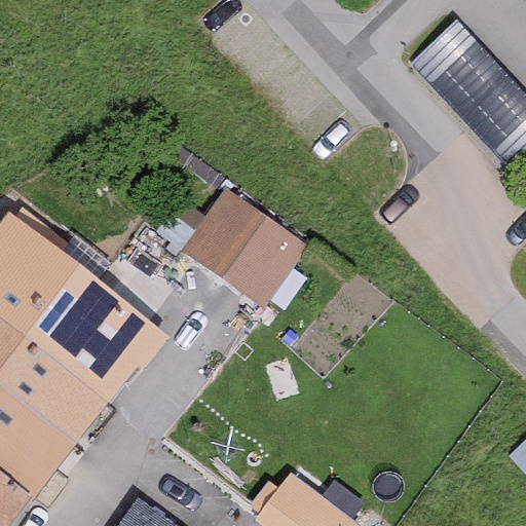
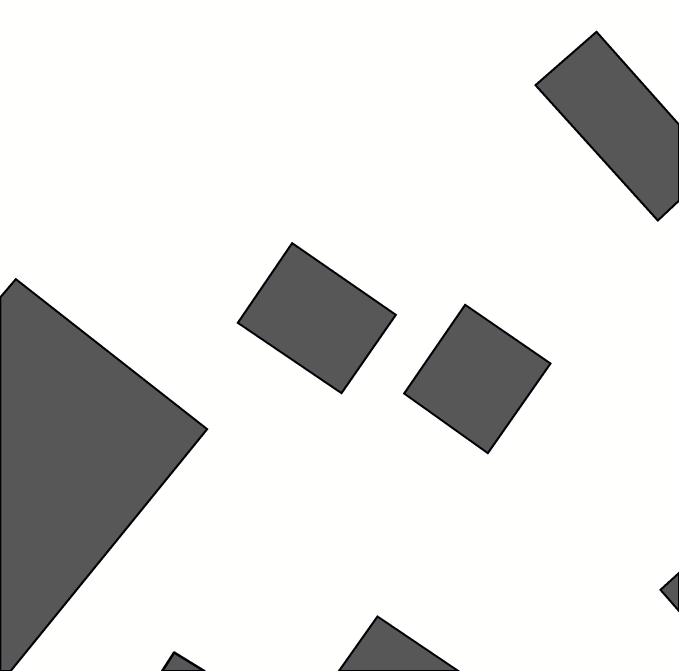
building: none -> [404,305,550,453]

